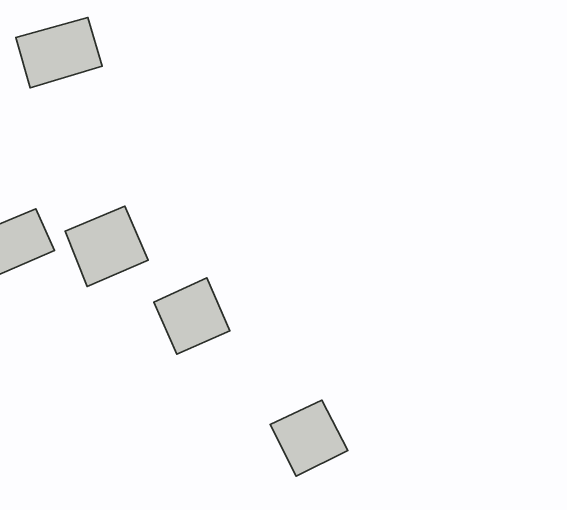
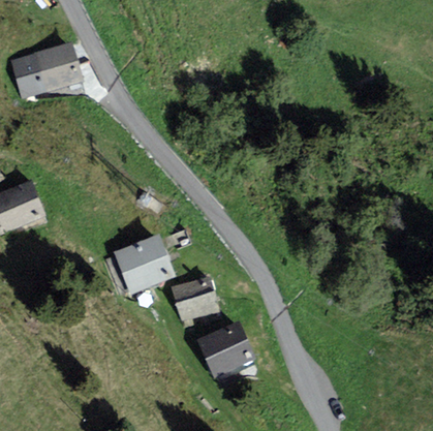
building: [65,206,148,286] -> none
building: none -> [177,276,219,316]

